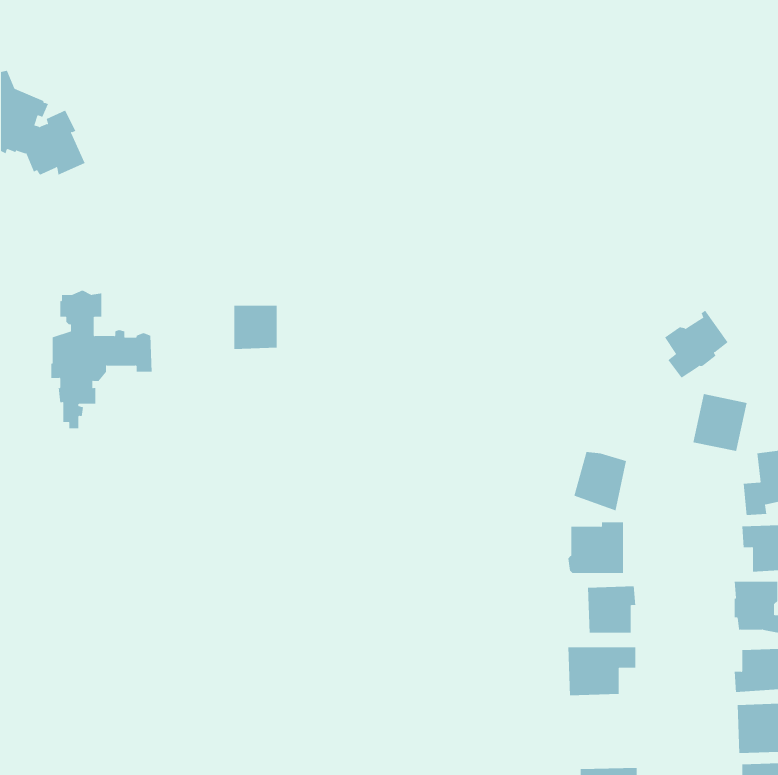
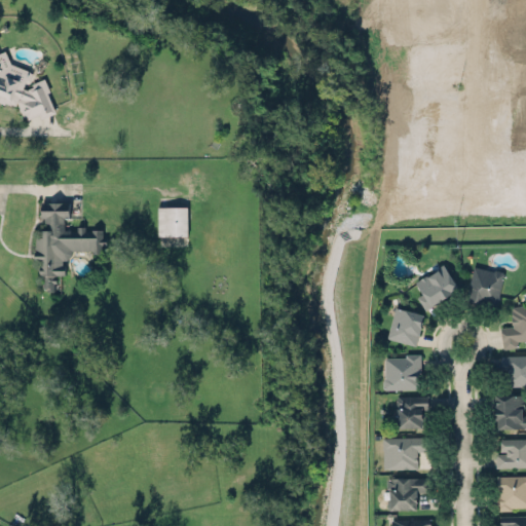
building: [664,310,728,379] -> [415,265,458,311]
building: none -> [387,479,431,512]

